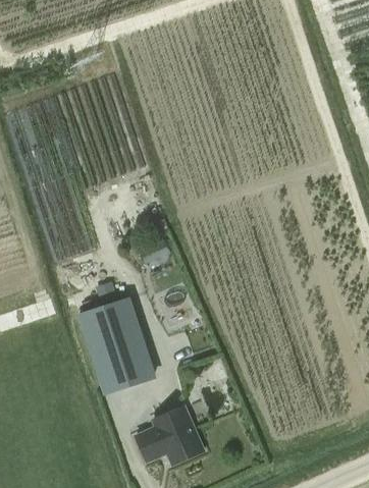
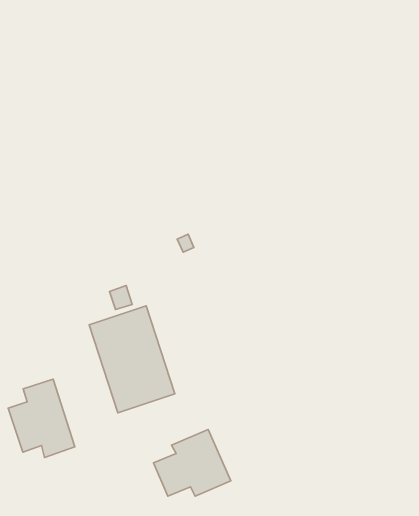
building: none -> [8,379,75,457]

